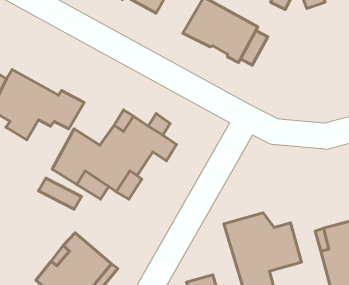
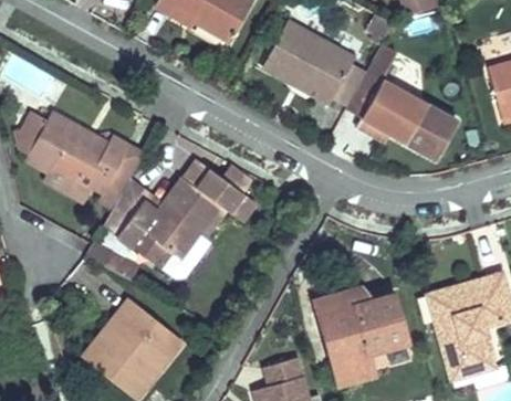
building: none -> [347,42,458,159]
building: none -> [73,170,124,208]

